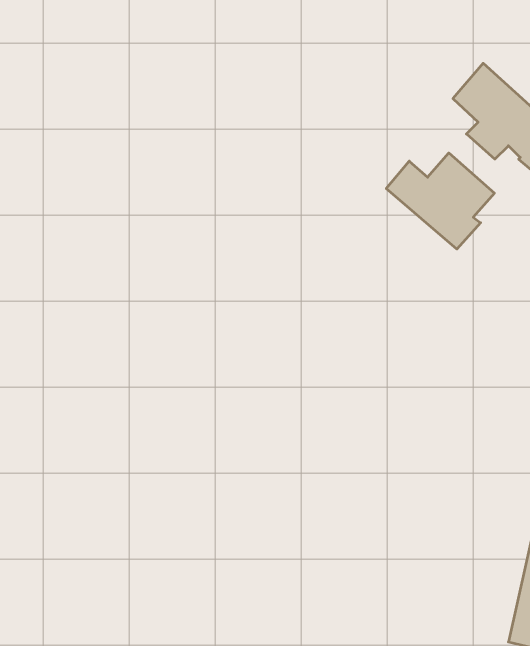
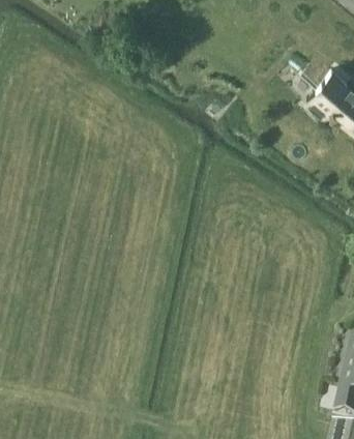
building: [386,153,494,249] -> none

